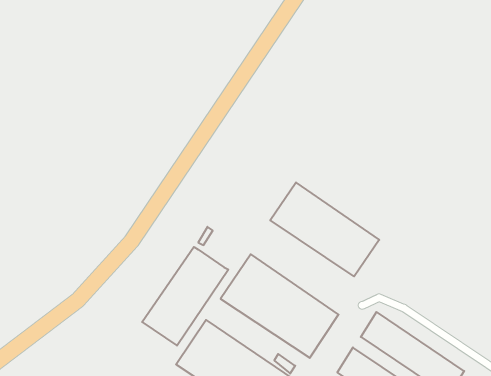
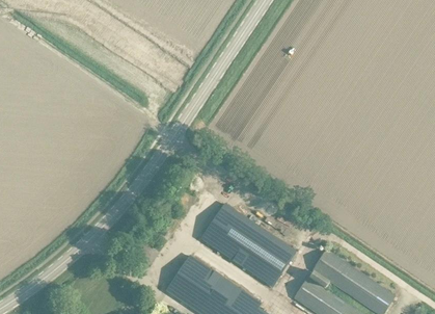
building: [270,182,379,276] -> none
building: [142,247,228,346] -> none

